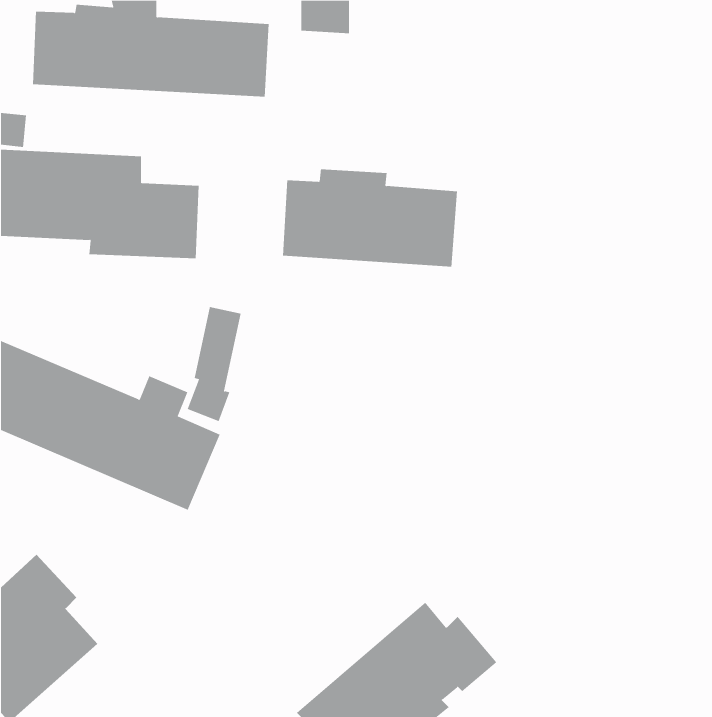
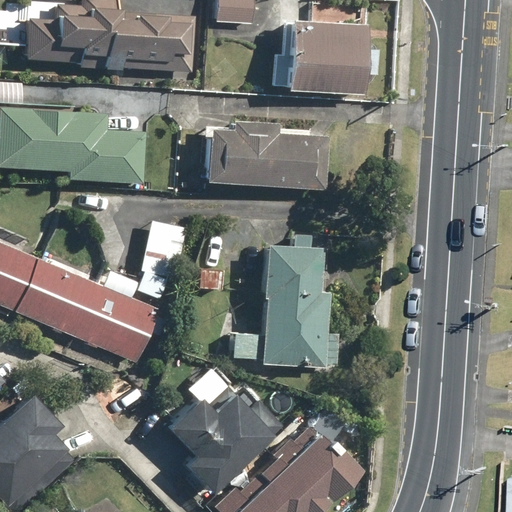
building: none -> [273,5,378,94]
building: none -> [232,244,340,369]
building: none -> [169,370,283,491]

